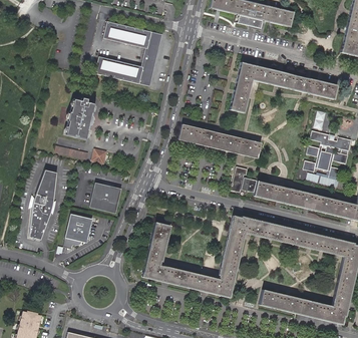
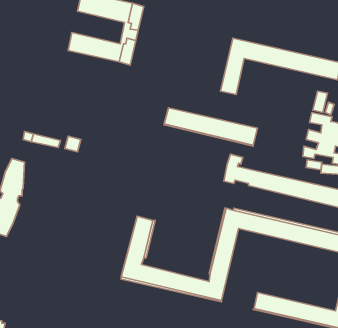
building: [65,100,94,139] -> none
building: [90,183,121,212] -> none
building: [64,213,91,247] -> none

